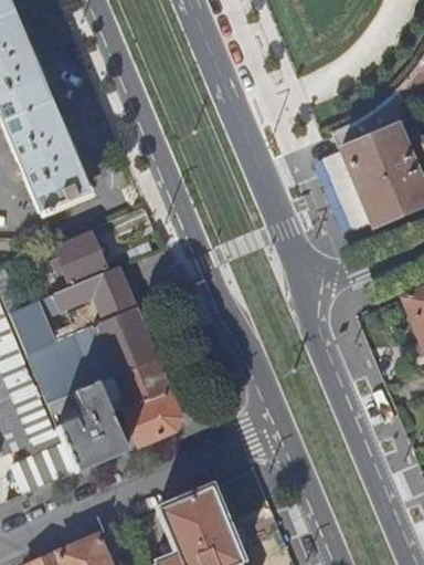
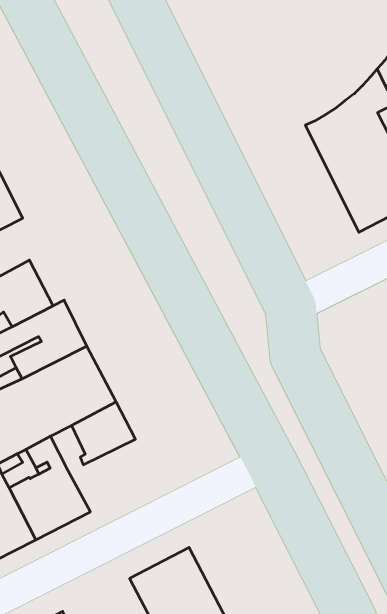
building: [124,393,181,447] -> none

